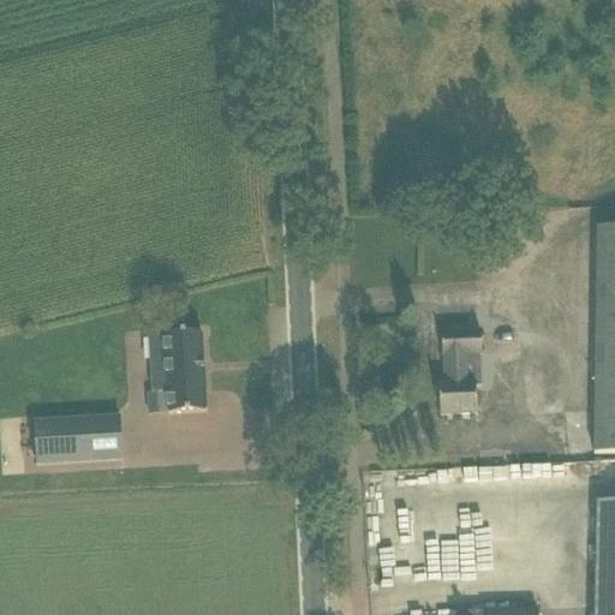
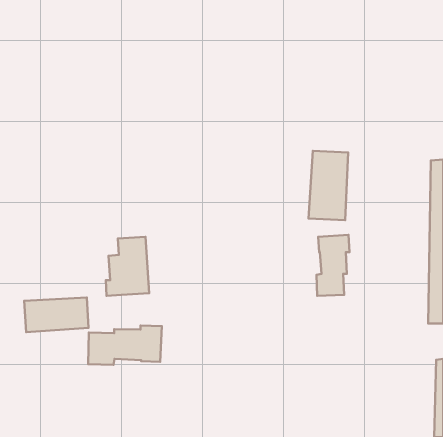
building: none -> [309,151,348,220]
building: none -> [88,326,162,365]

